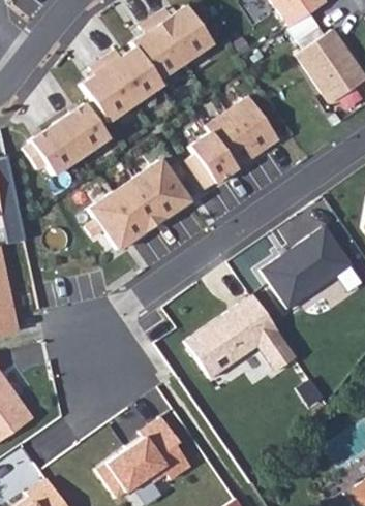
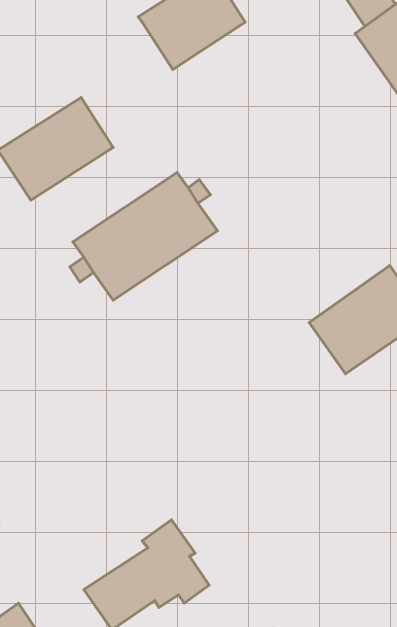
building: [82,45,166,124] -> none
building: [194,93,281,180] -> none
building: [186,293,298,376] -> none

